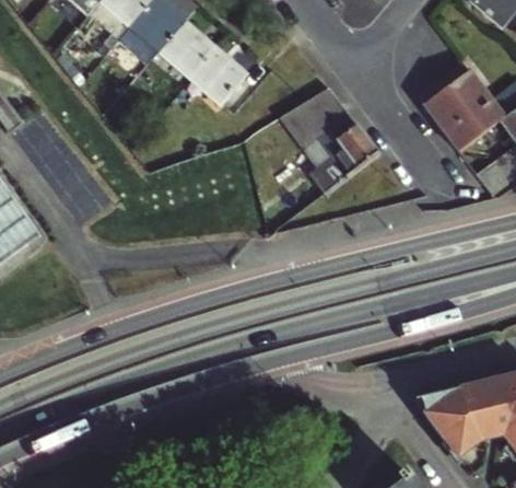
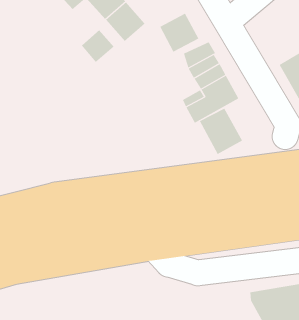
building: none -> [159,13,199,52]
building: none -> [81,29,115,63]
building: none -> [199,108,243,155]

